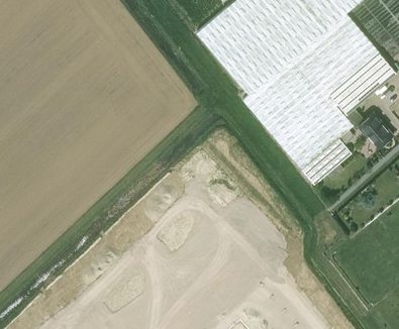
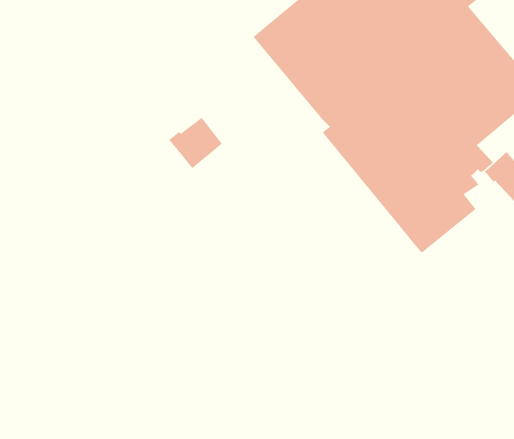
building: none -> [168,117,223,169]

